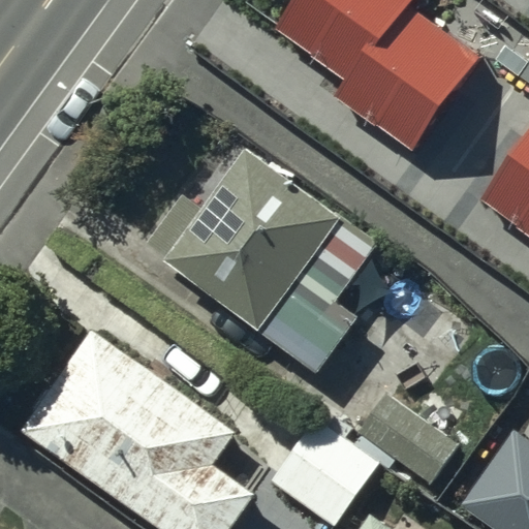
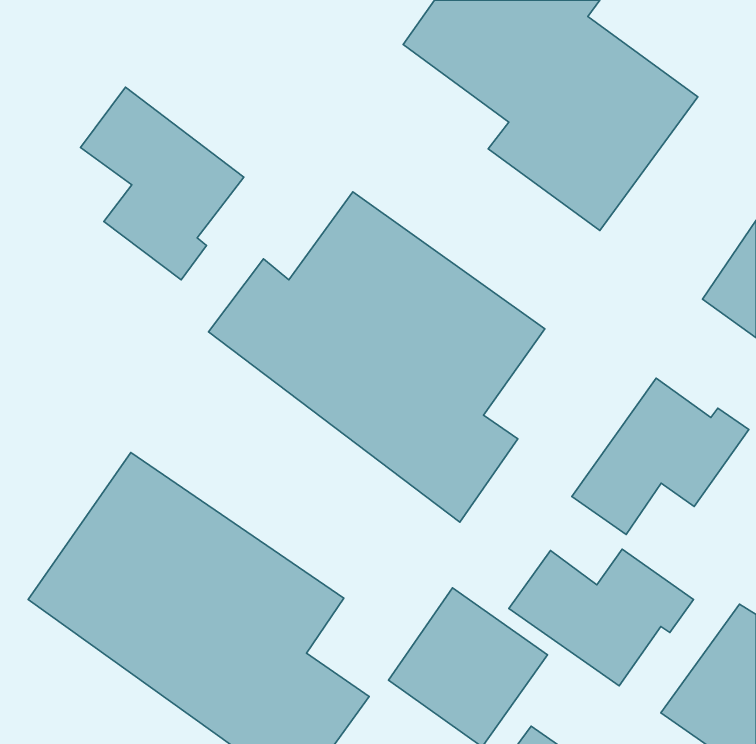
building: none -> [80,87,244,280]
building: none -> [572,378,749,534]

